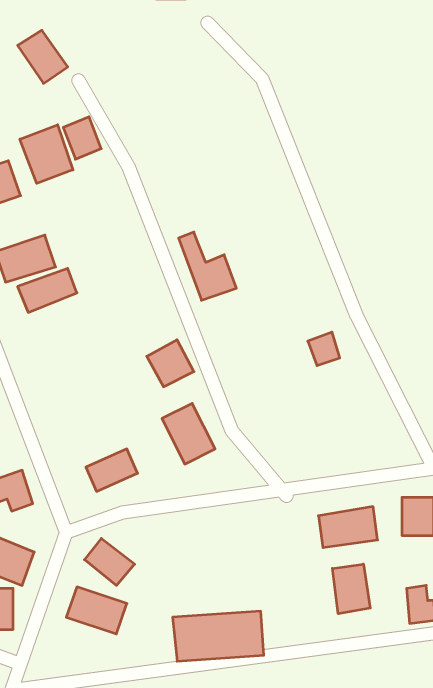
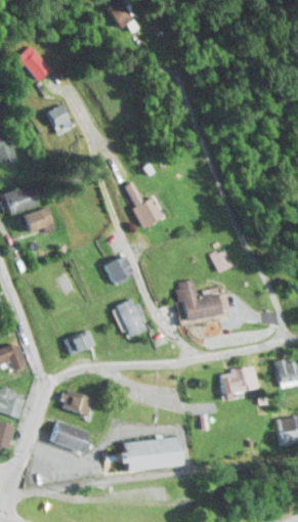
building: [20,125,73,183] -> none
building: none -> [173,279,229,320]
building: [332,564,370,614] -> none

